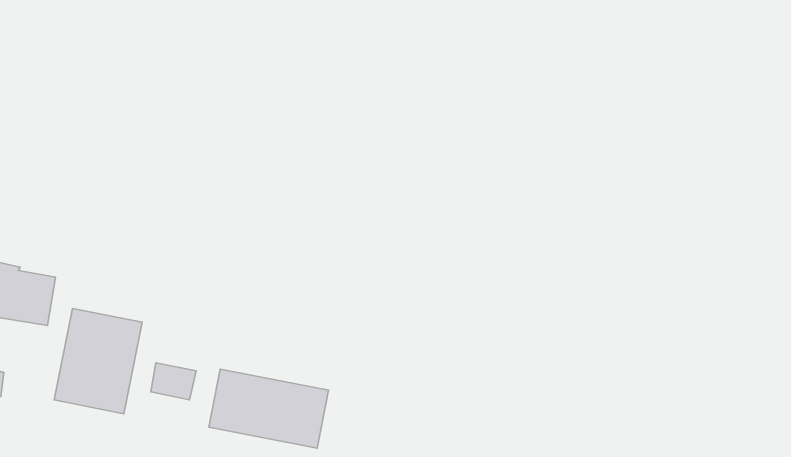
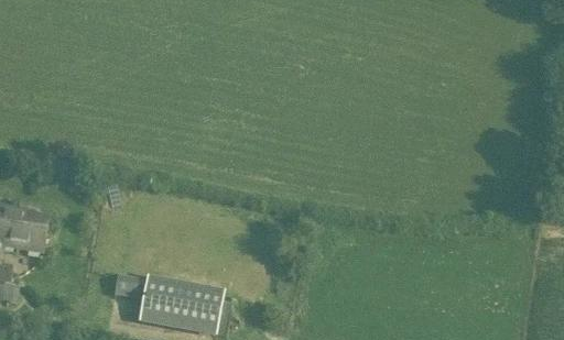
building: [54,308,142,414] -> none

